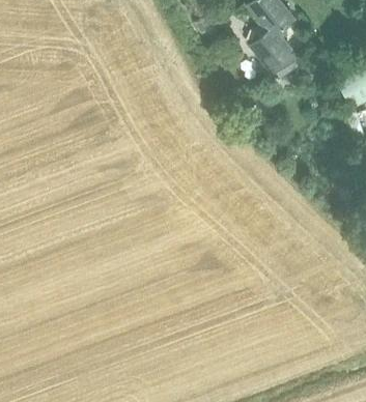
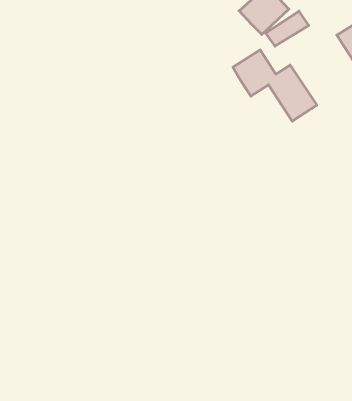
building: none -> [233,50,317,121]

